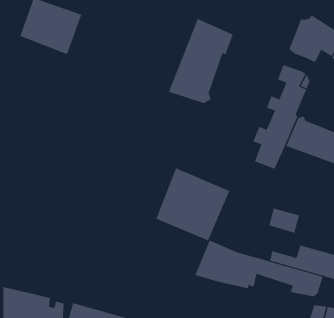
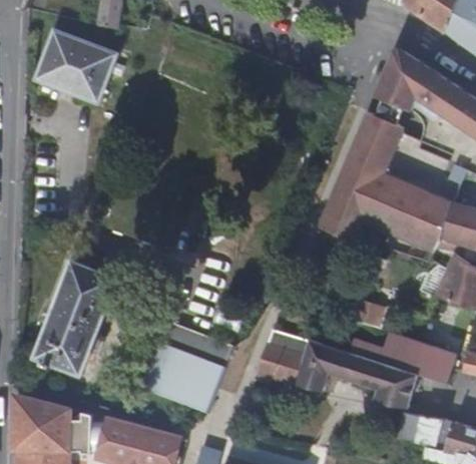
building: [168,18,233,104] -> none
building: [155,167,230,241] -> [140,324,233,416]
building: none -> [34,258,117,373]

